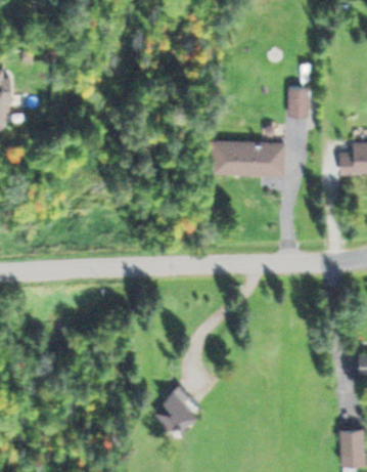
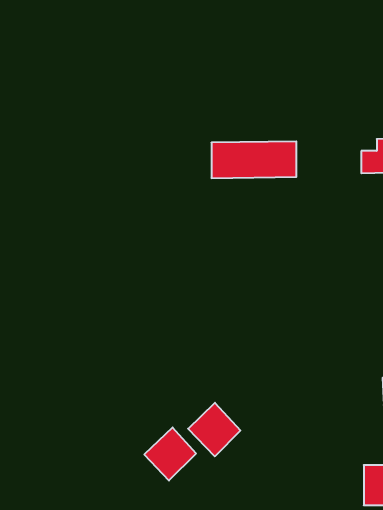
building: [290,85,310,115] -> none
building: none -> [188,403,240,456]

